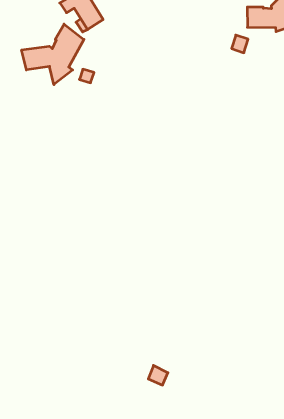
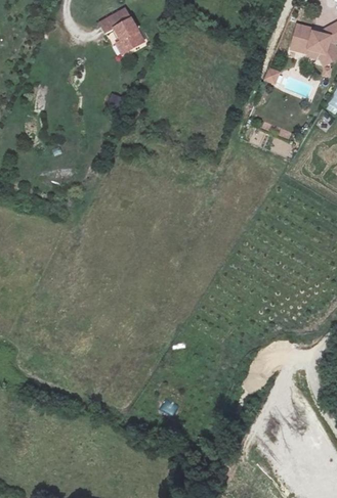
building: [22,24,84,85] -> none

